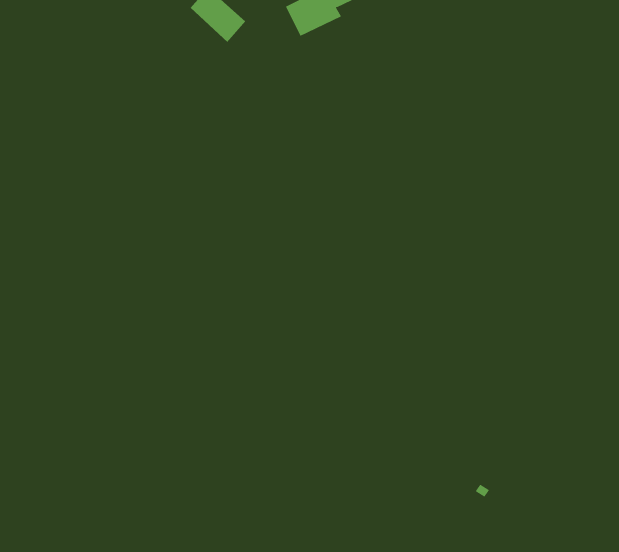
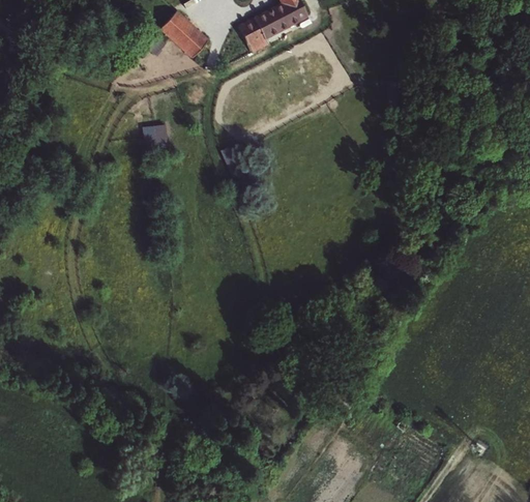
building: none -> [146,123,169,148]

